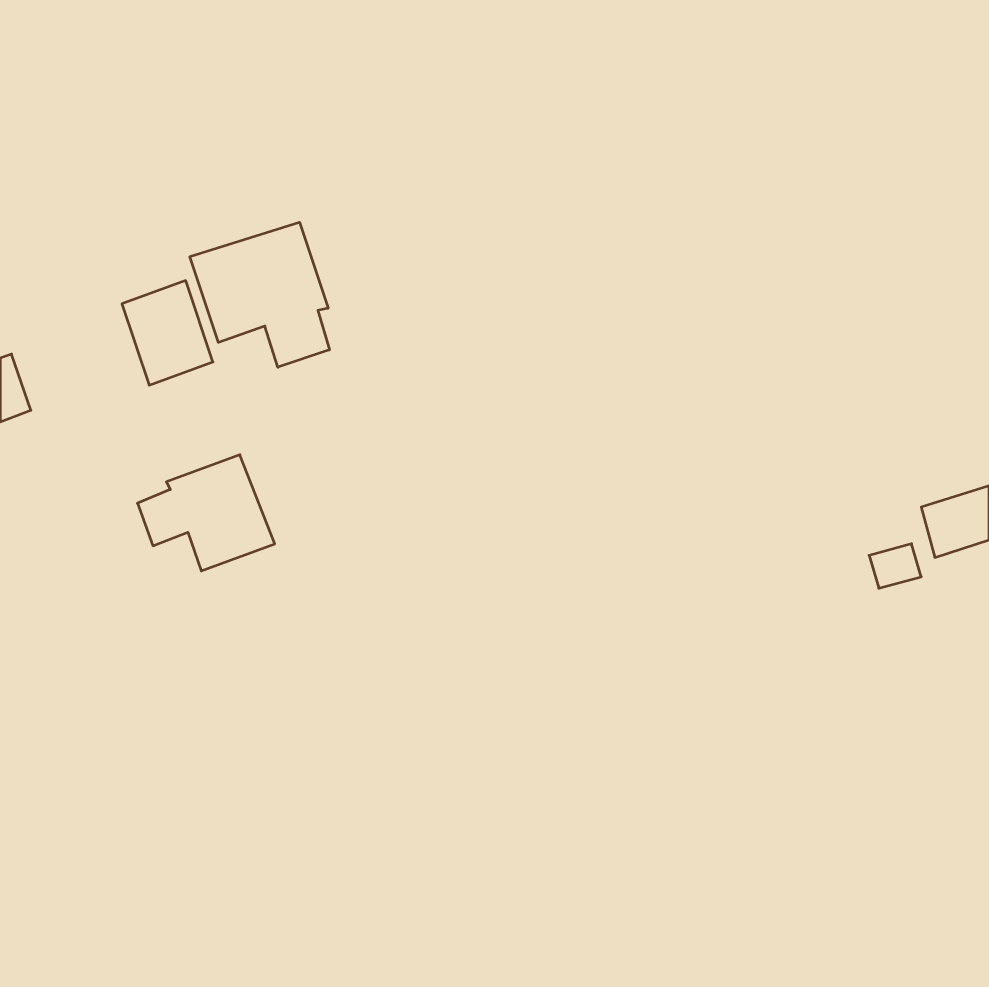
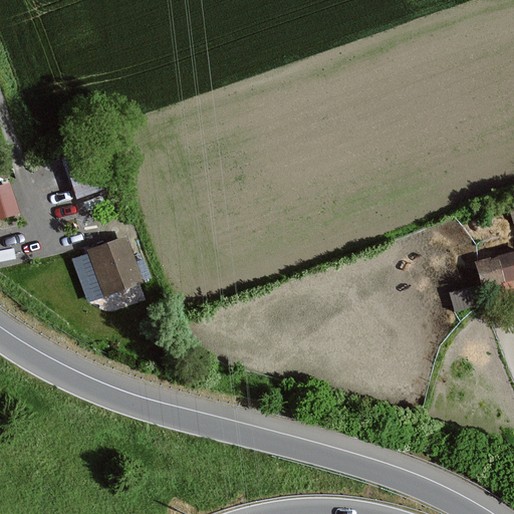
building: [190,222,329,367] -> none

